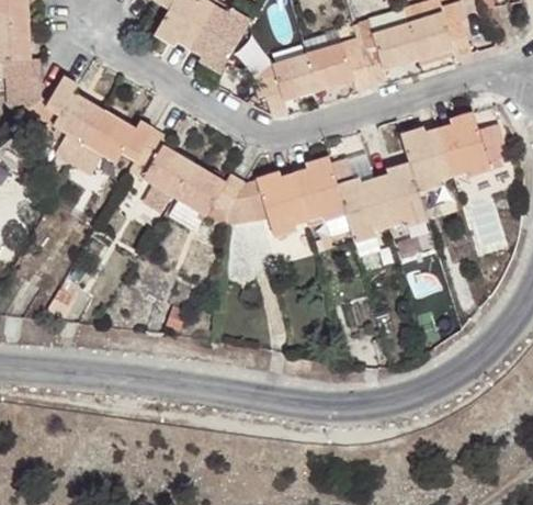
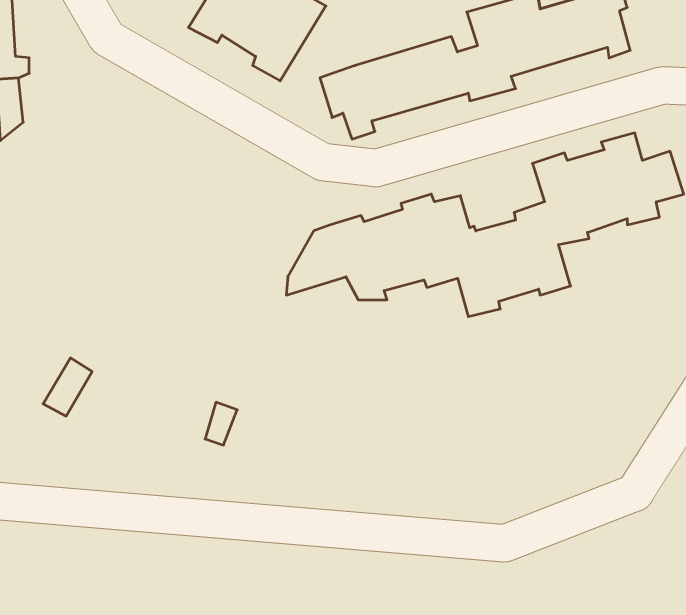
building: [38,74,243,229] -> none

